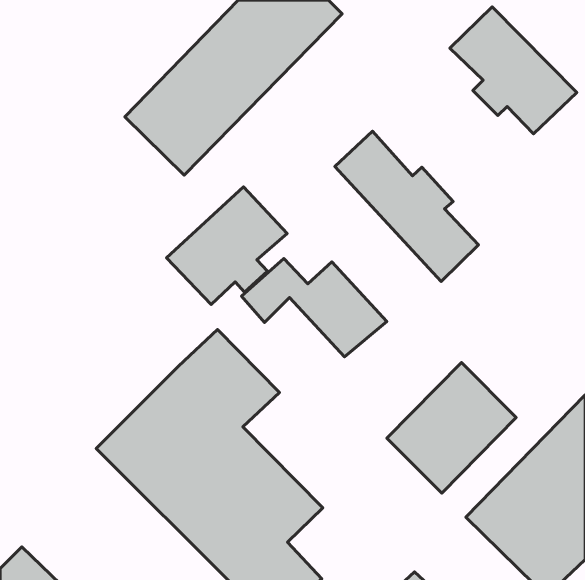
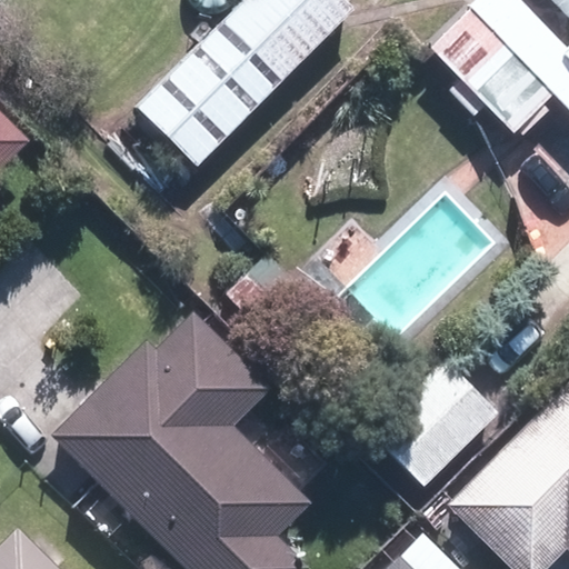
building: [335,131,479,282] -> none
building: [167,187,287,305] -> none

